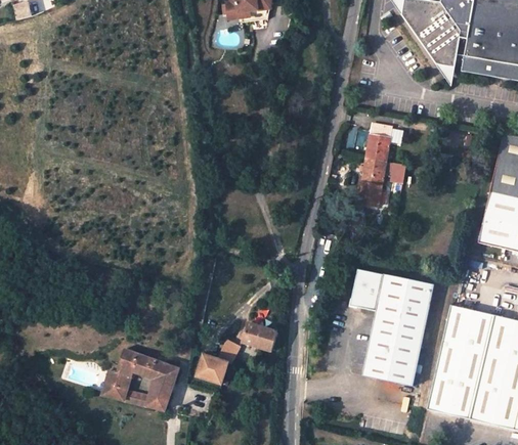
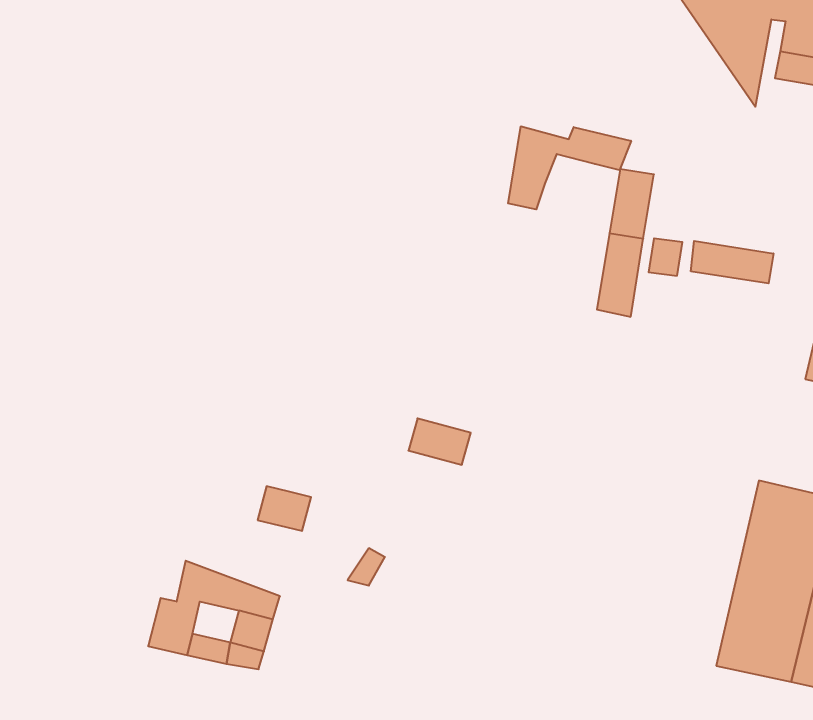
building: none -> [508,126,631,209]
building: none -> [691,241,773,283]
building: [350,268,434,385] -> none
building: [244,322,279,349] -> [408,418,471,465]
building: [199,356,229,382] -> [258,486,311,531]

